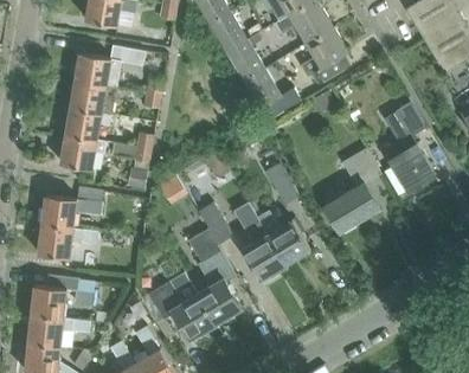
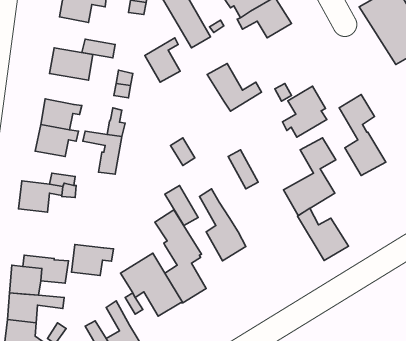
building: [301,27,348,82] -> [282,86,327,137]
building: [226,34,264,82] -> [145,38,180,82]
building: [70,81,116,116] -> none
building: [256,210,310,265] -> [298,208,349,260]
building: [38,225,83,258] -> [71,245,114,276]

